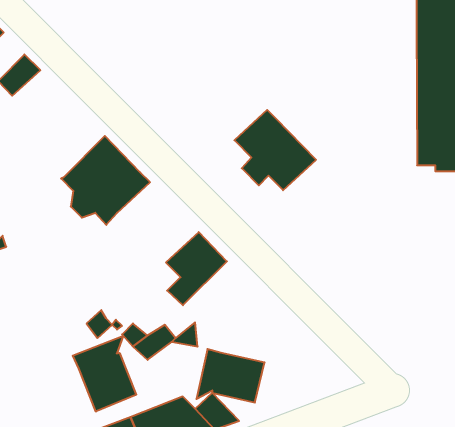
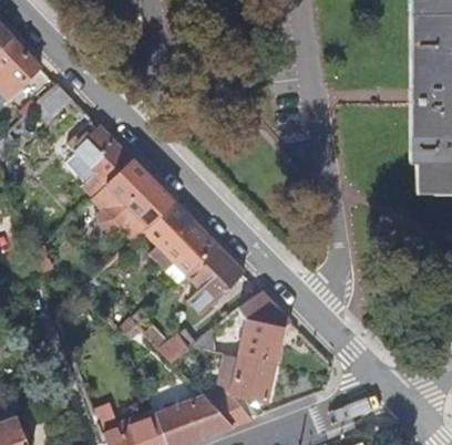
building: none -> [68,120,132,197]
building: [234,110,316,190] -> [143,201,217,275]
building: none -> [237,292,291,365]
building: [73,336,136,412] -> none

